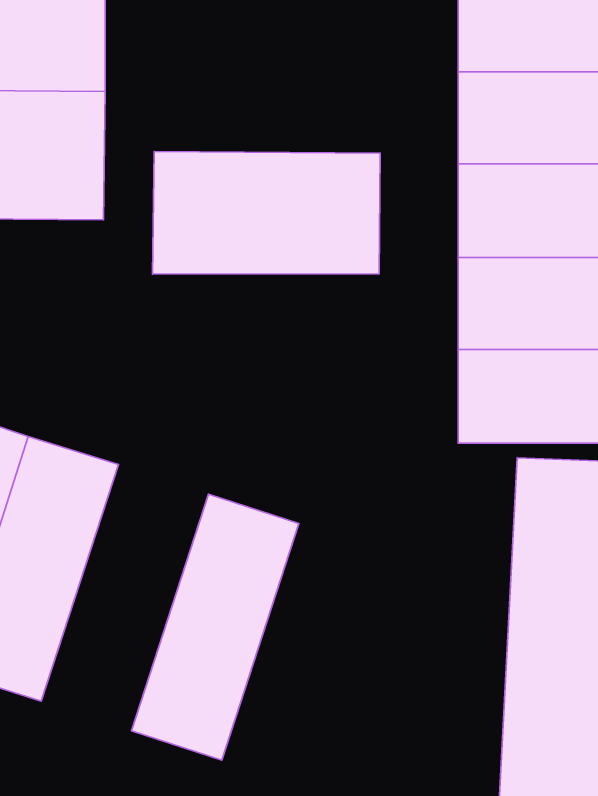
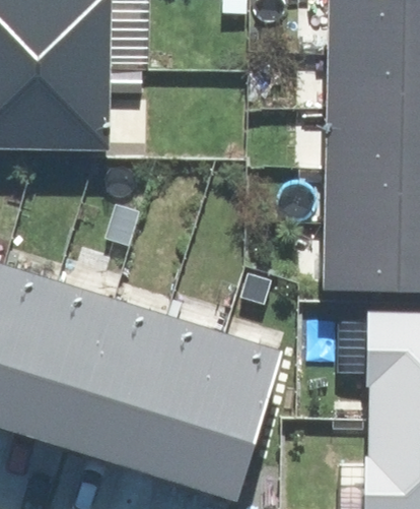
building: [153,152,380,274] -> none
building: none -> [70,301,173,465]
building: none -> [182,337,284,501]

